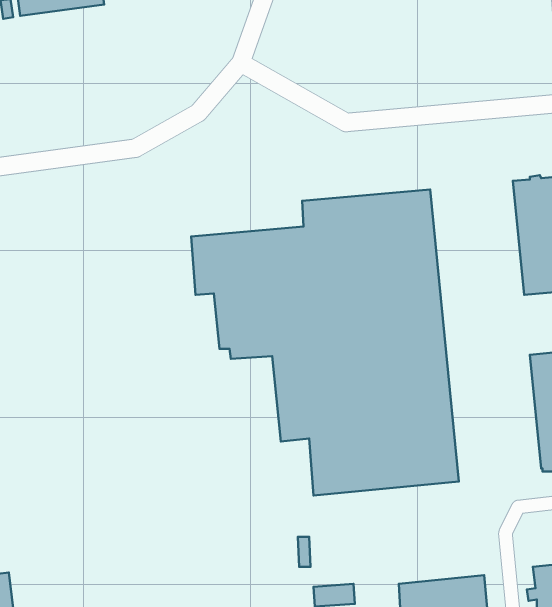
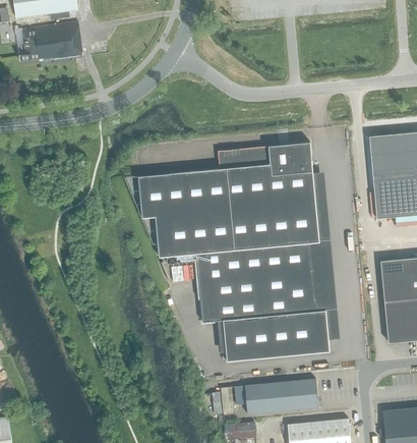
building: none -> [17,22,82,61]
building: none -> [234,379,318,413]

